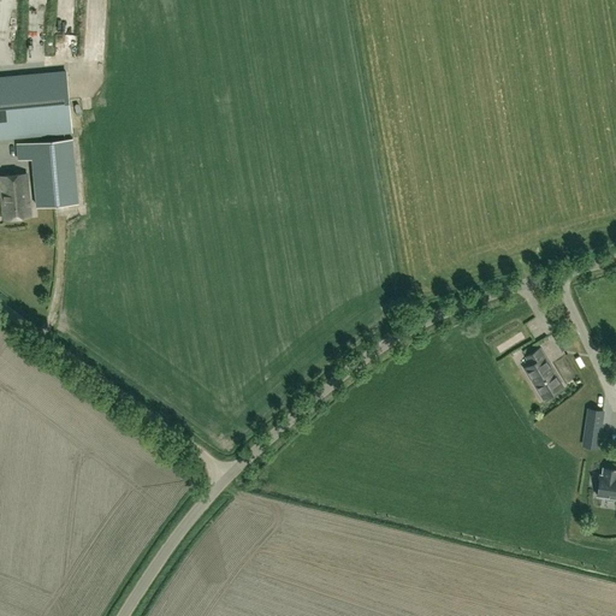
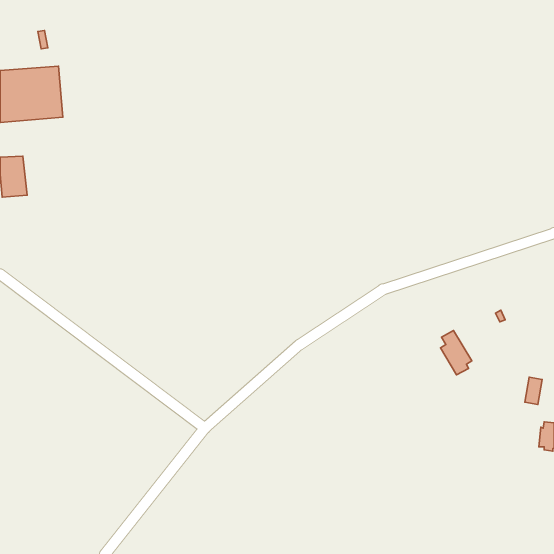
building: [16,138,77,206] -> none
building: [526,348,561,397] -> [440,331,472,375]

